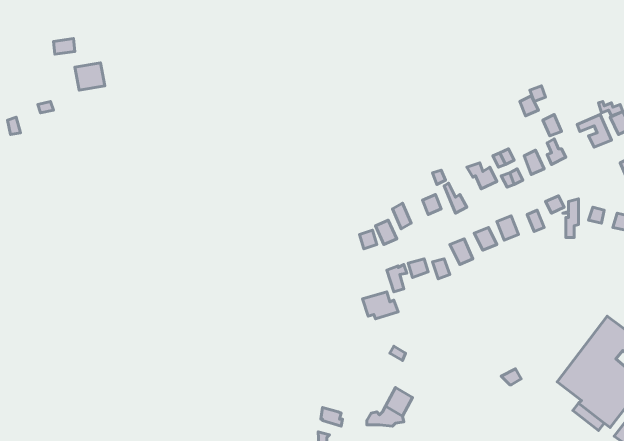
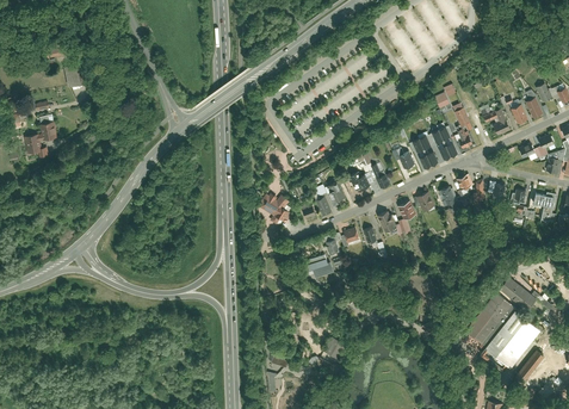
building: none -> [23,116,56,159]
building: none -> [258,193,291,227]

